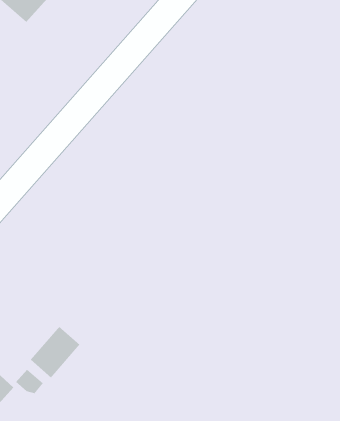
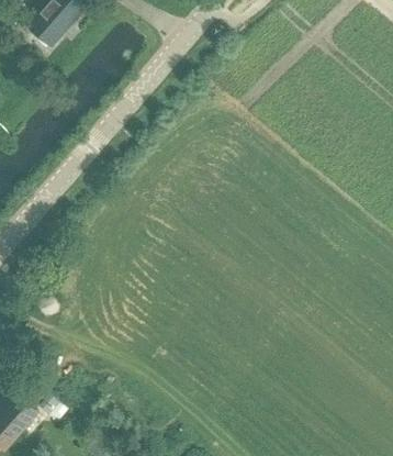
building: [30,326,80,378] -> none

